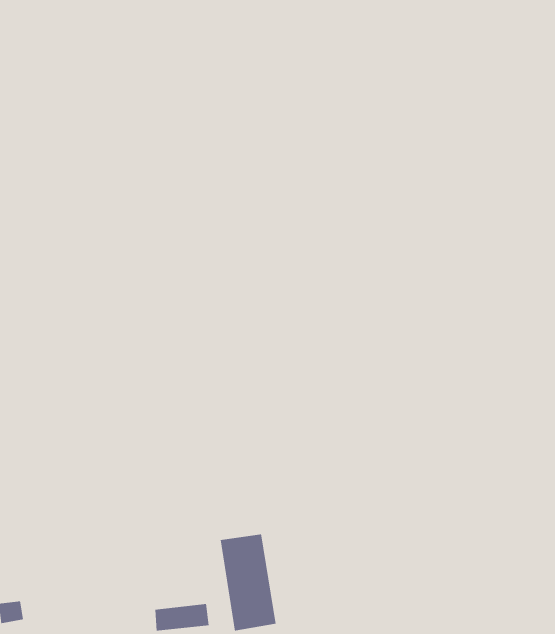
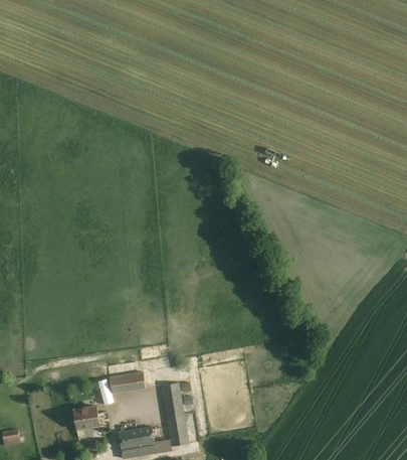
building: none -> [107,373,143,394]
building: none -> [77,406,104,428]

